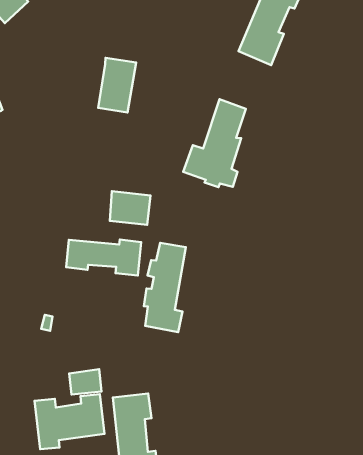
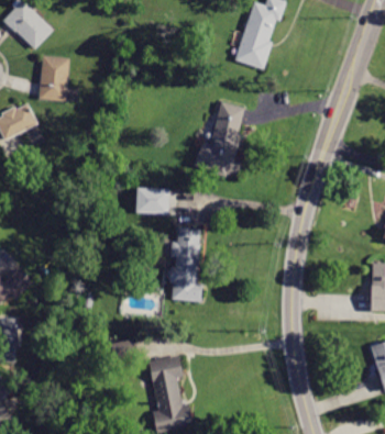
building: [98,58,136,112] -> [40,55,69,100]
building: [66,240,141,276] -> none
building: [34,394,104,449] -> none

